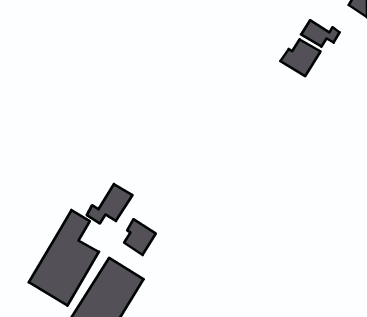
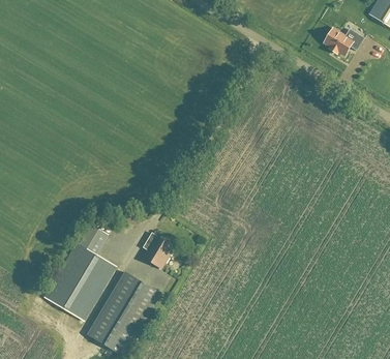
building: [280,39,320,76] -> none
building: [87,184,132,223] -> none

